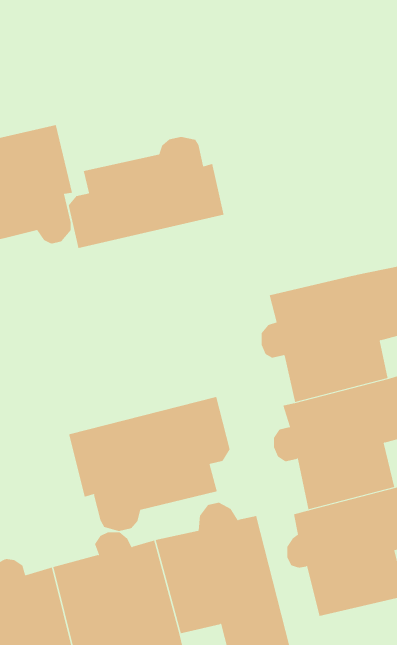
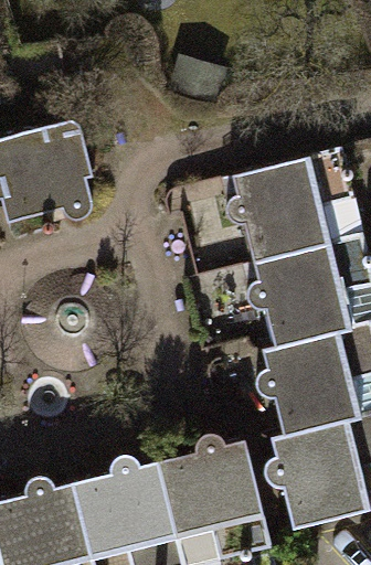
building: [68,136,224,249] -> none
building: none -> [223,154,344,259]
building: [68,396,230,532] -> none

